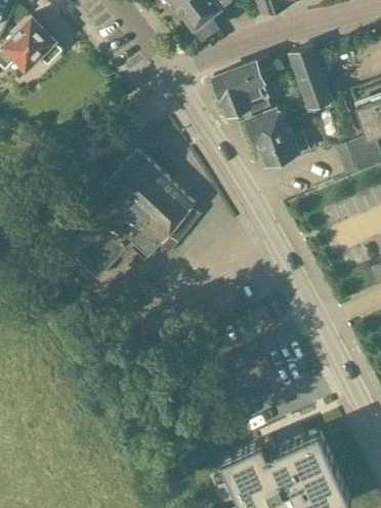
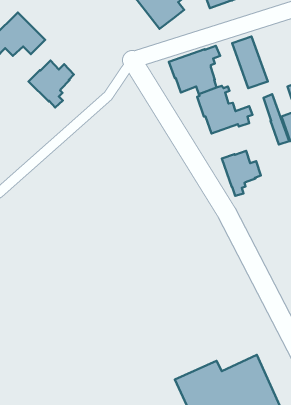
building: none -> [29,61,74,107]
building: [55,151,200,277] -> none
building: none -> [222,151,261,196]

